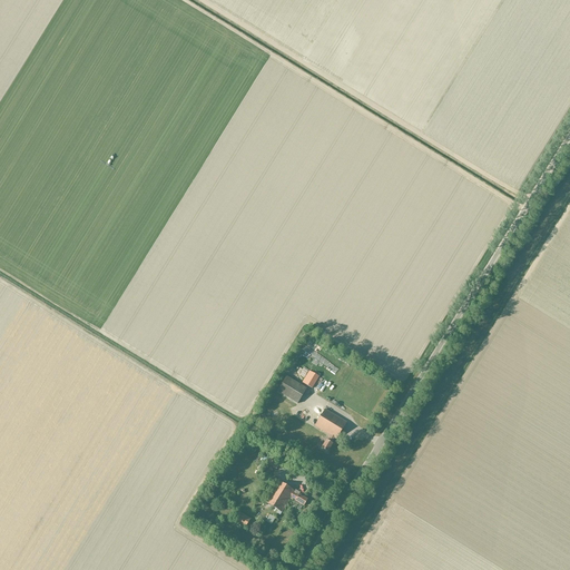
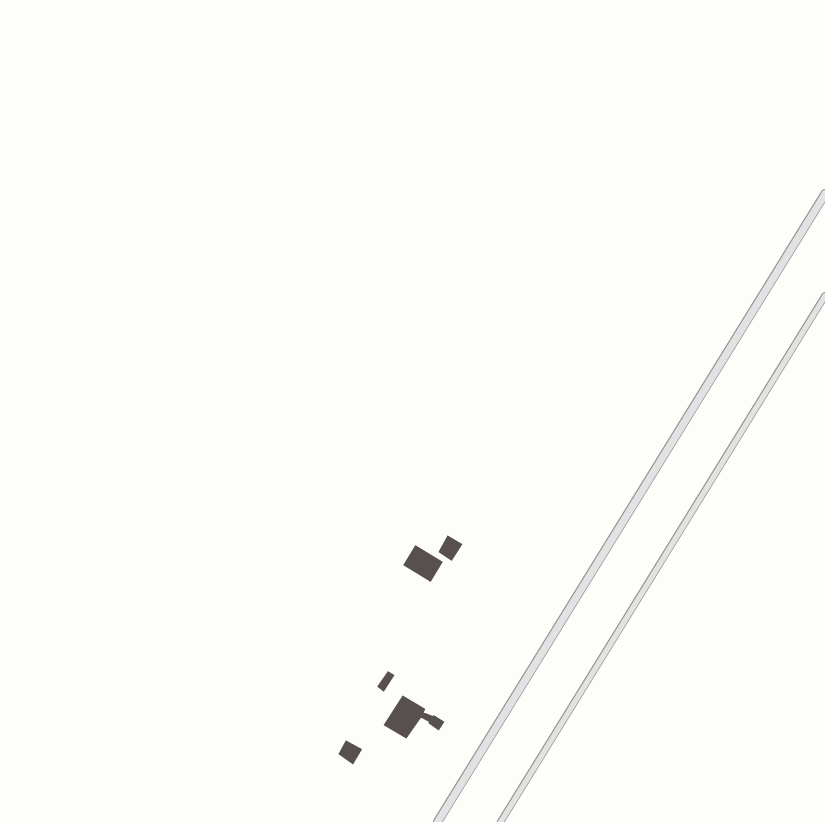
building: [314,407,346,451] -> none

